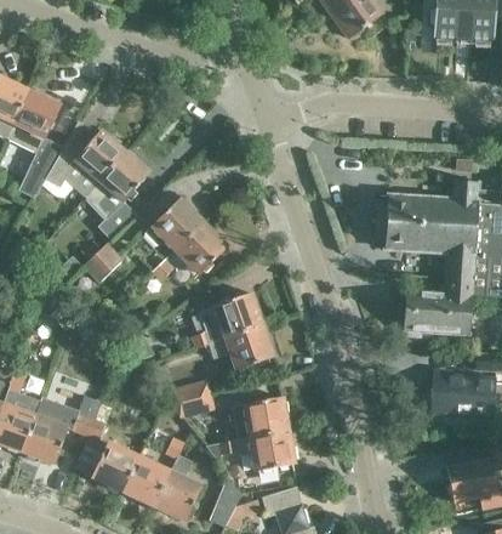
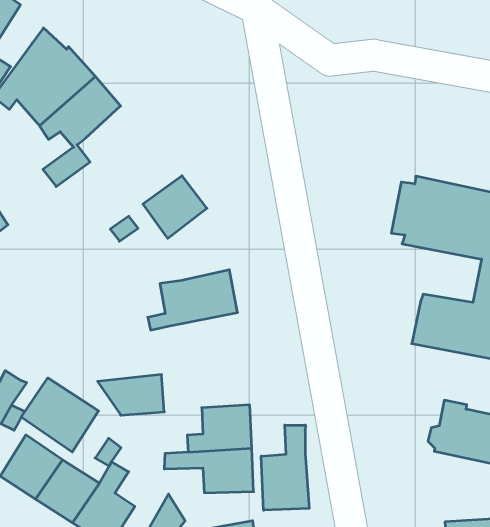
building: [146,197,204,248] -> none
building: [84,243,124,282] -> none
building: [209,323,273,367] -> none
building: none -> [21,378,99,452]
building: none -> [261,425,309,510]

